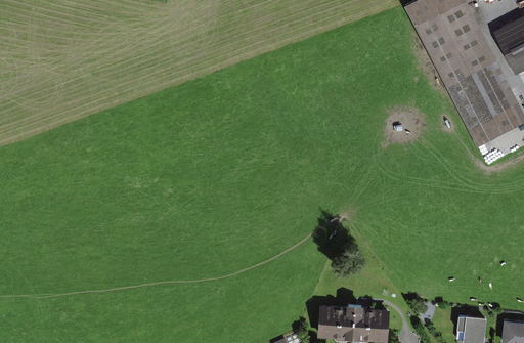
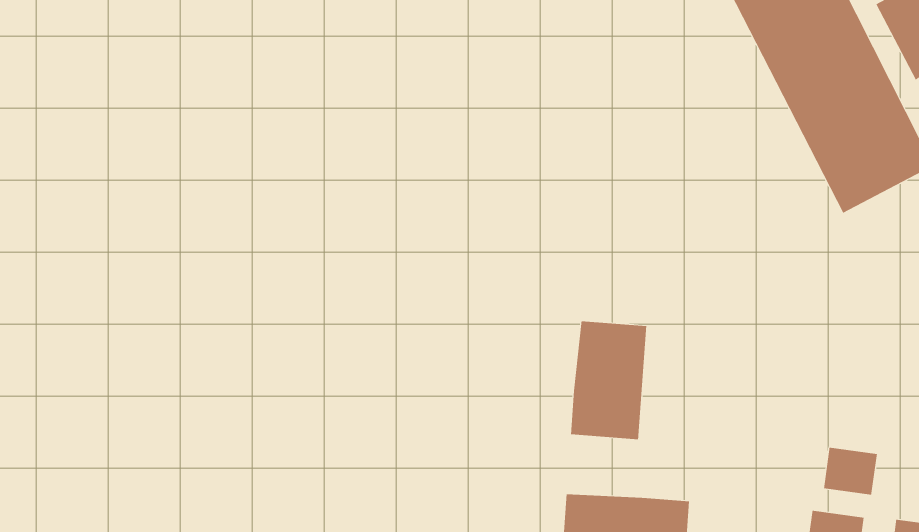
building: none -> [570,320,647,440]
building: none -> [824,447,877,495]

